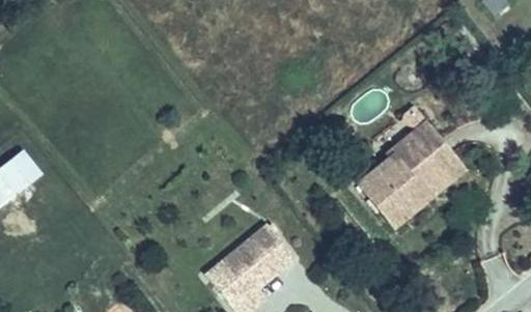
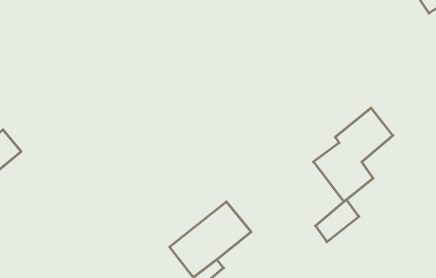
building: [415,152,463,199] -> [315,199,359,242]

